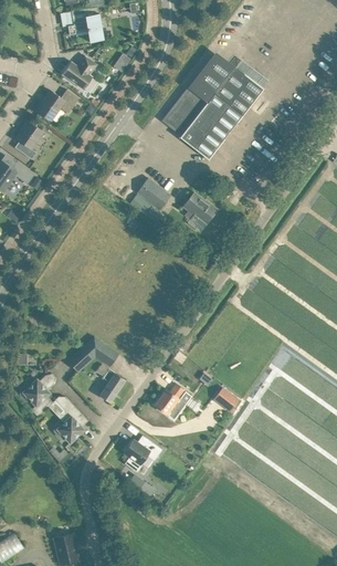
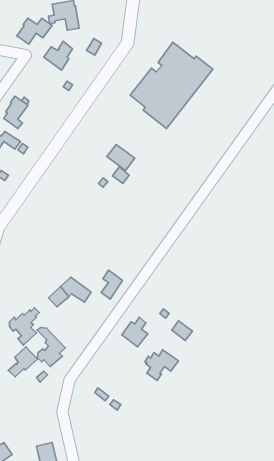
building: [35,90,77,120] -> [17,18,52,44]
building: [182,192,217,223] -> none
building: [98,368,124,402] -> [101,270,122,299]
building: none -> [8,347,38,377]
building: [122,436,161,472] -> [145,350,178,380]

